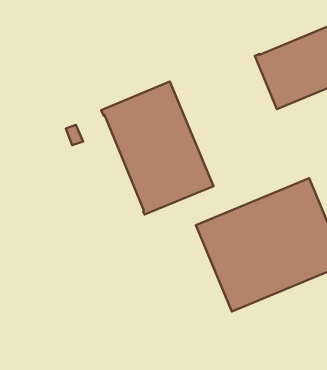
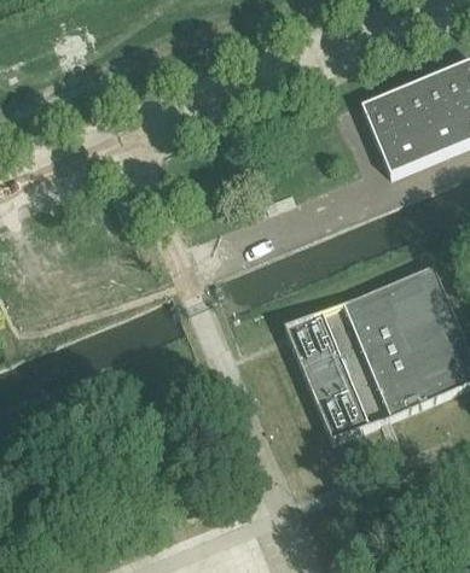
building: [101,82,213,215] -> none

